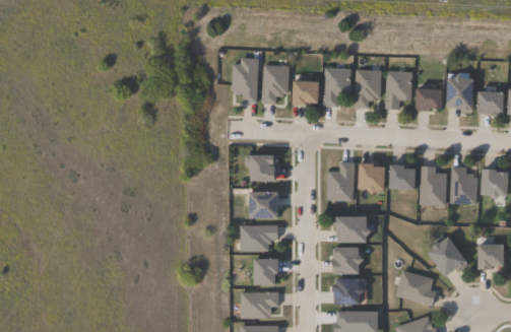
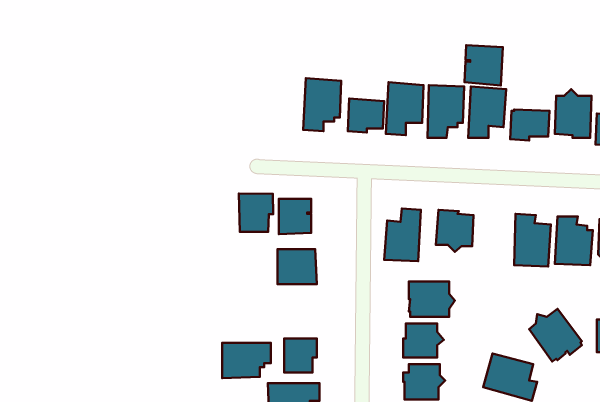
building: none -> [464,45,503,85]
building: [233,63,260,103] -> none
building: none -> [239,193,273,232]
building: [393,163,421,190] -> none
building: [236,225,272,252] -> [222,343,271,378]

